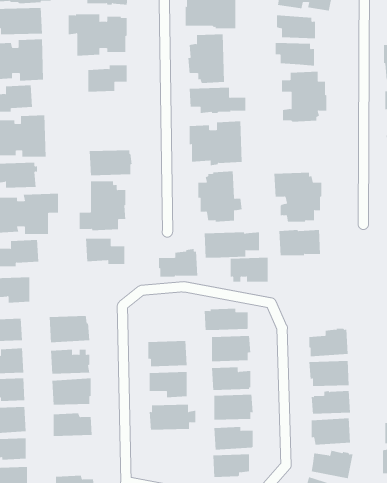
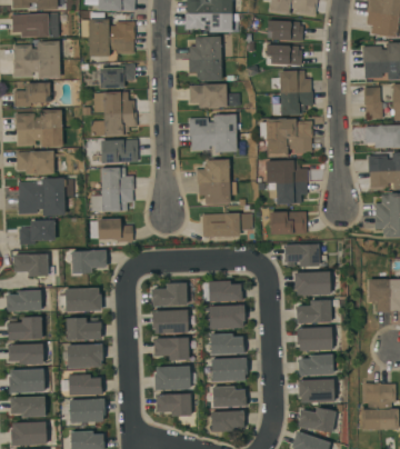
building: none -> [91,91,137,137]
building: none -> [259,118,313,157]
building: [158,249,198,277] -> [151,281,187,307]
building: [230,257,269,282] -> [284,245,319,267]
building: none -> [71,250,106,273]
building: none -> [294,272,330,296]
building: none -> [156,393,191,417]
building: none -> [69,399,104,423]

